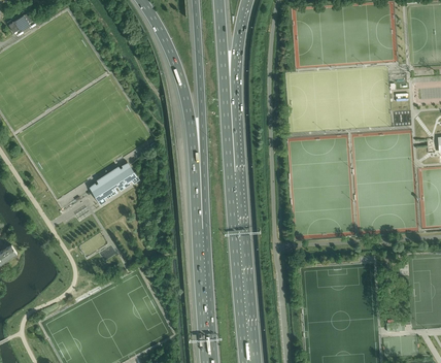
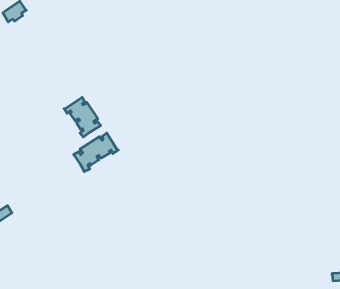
building: none -> [64,97,101,137]

